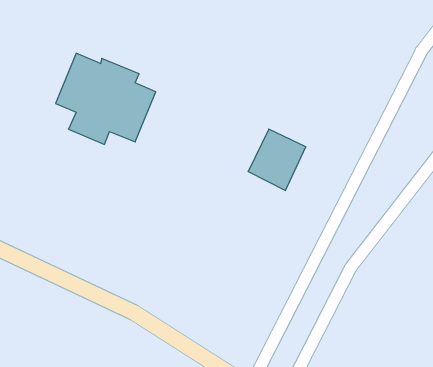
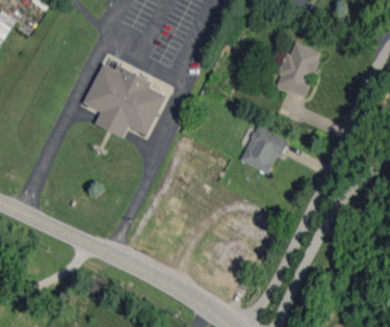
building: none -> [276,40,320,96]

